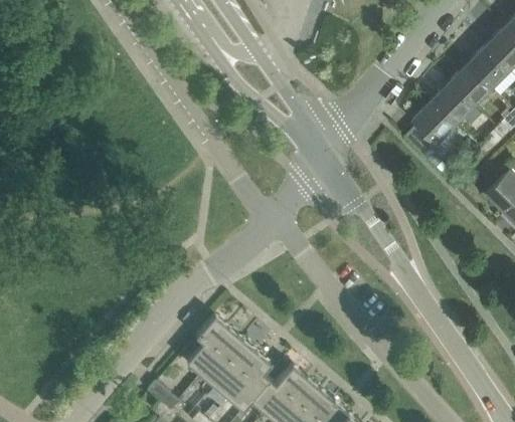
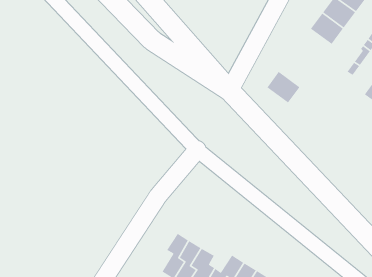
building: [411,100,456,143] -> [265,71,300,103]
building: [187,315,228,374] -> none

